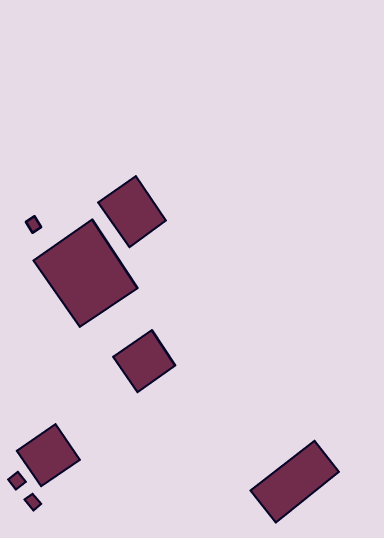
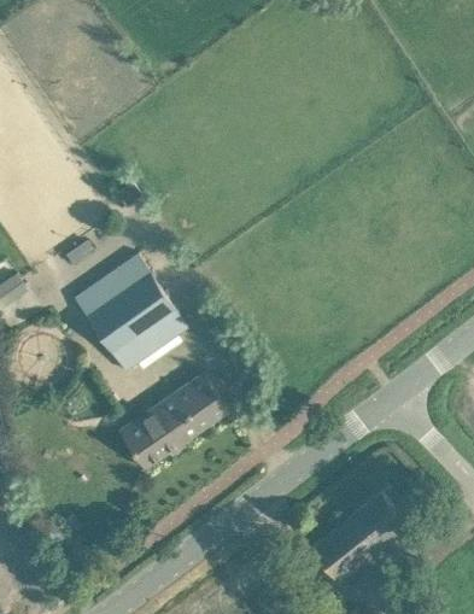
building: [98,176,166,247] -> none
building: [17,424,80,486] -> [119,403,188,470]

